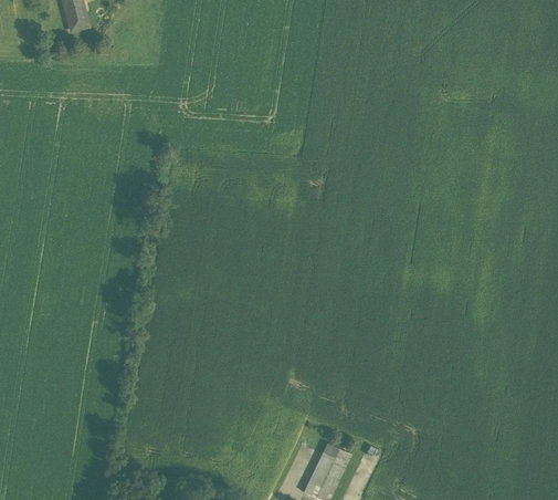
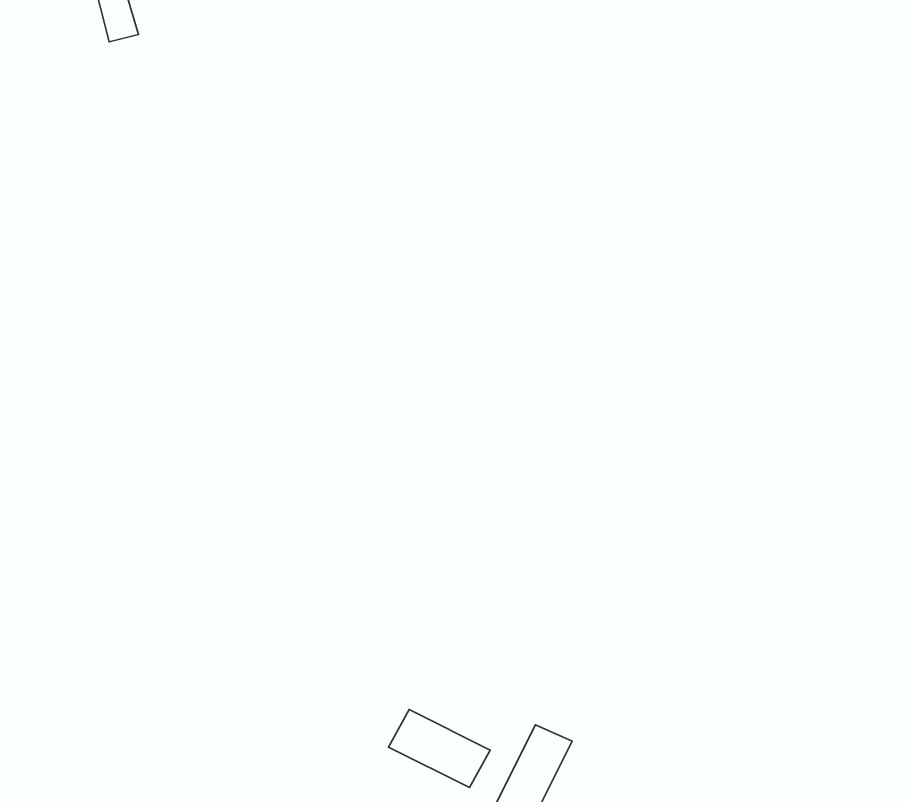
building: none -> [389,710,490,788]

